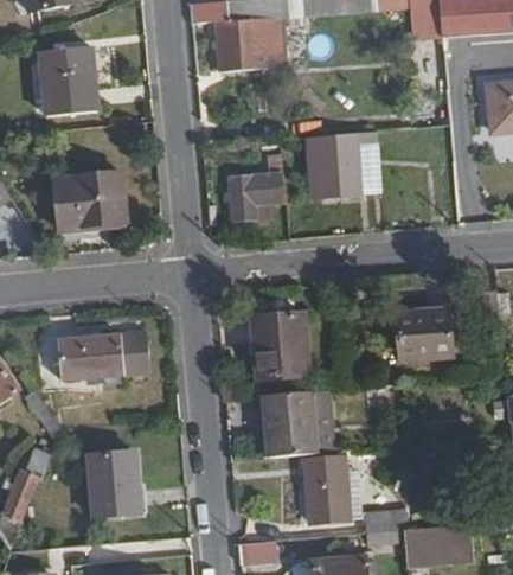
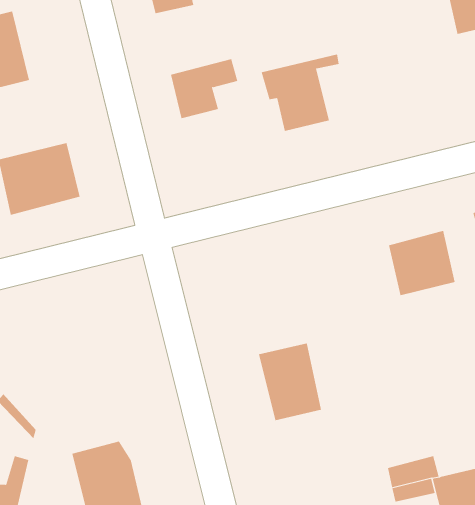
building: [225,172,286,219] -> [170,59,238,119]
building: [250,309,304,373] -> none
building: [57,334,150,381] -> none
building: [304,455,352,523] -> none

